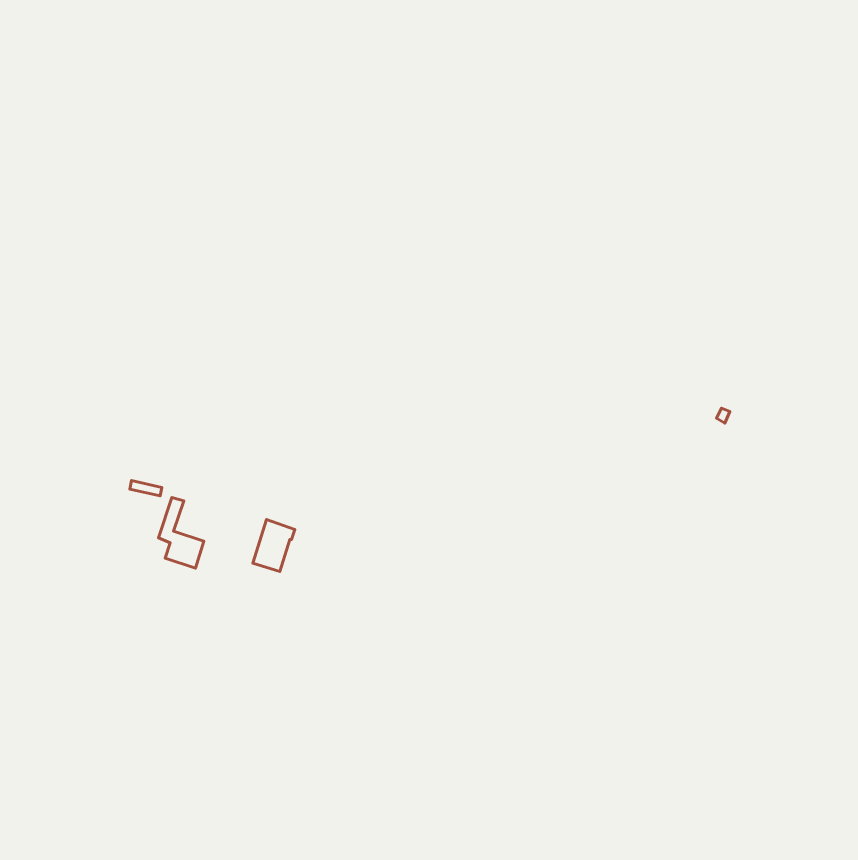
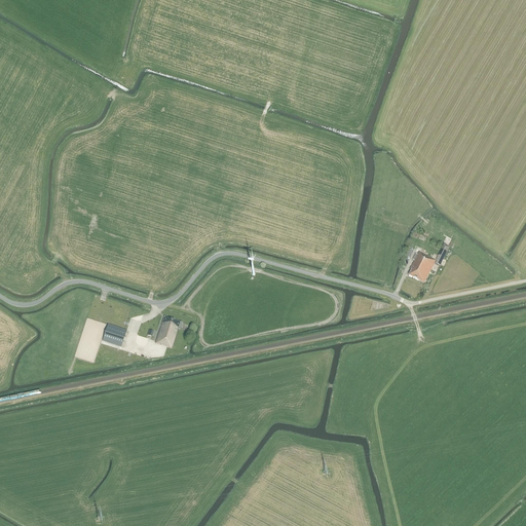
building: none -> [407,253,434,283]

